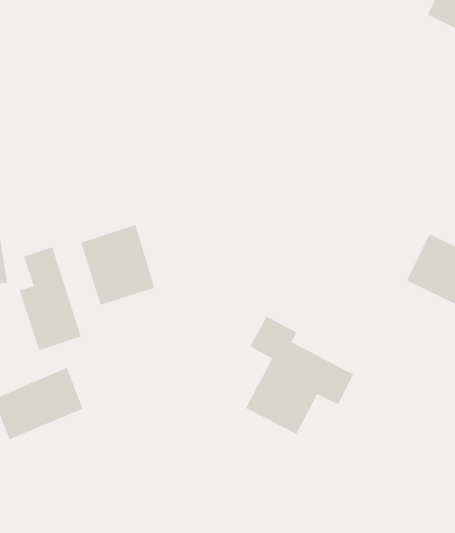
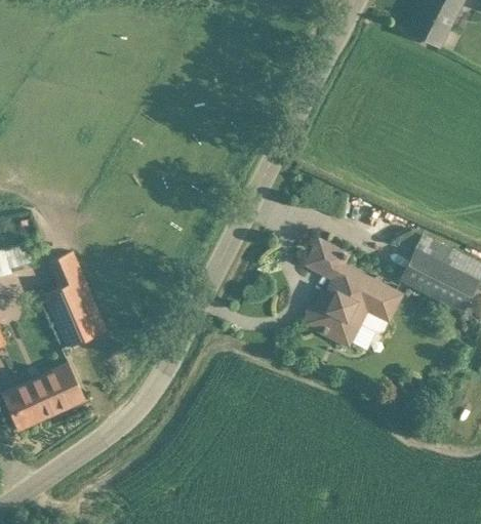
building: [81,224,155,306] -> none
building: [245,316,354,434] -> [304,238,405,349]

